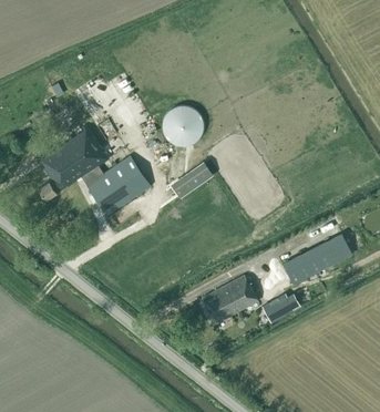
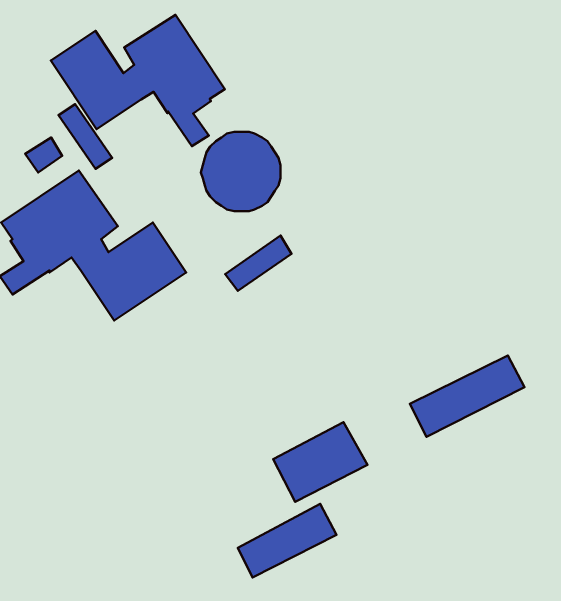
building: none -> [51,15,225,146]
building: [260,292,294,325] -> none
building: none -> [238,504,336,578]

